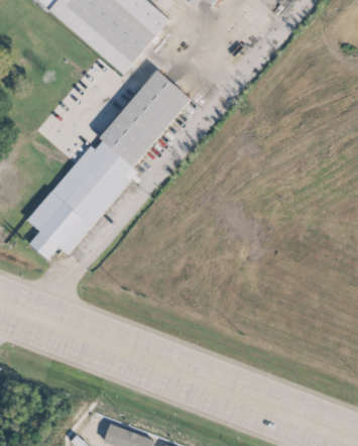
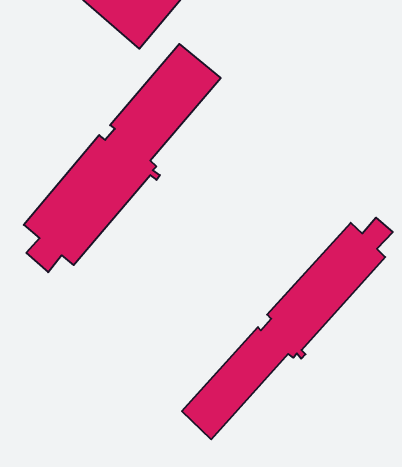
building: none -> [182,218,393,439]

